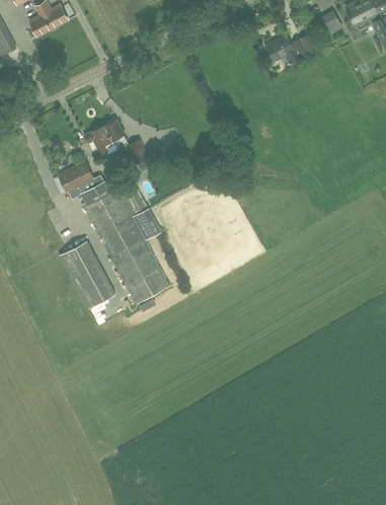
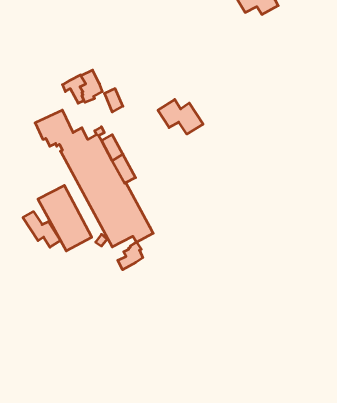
building: none -> [158,99,203,134]
building: none -> [23,212,61,247]
building: none -> [118,242,143,270]

